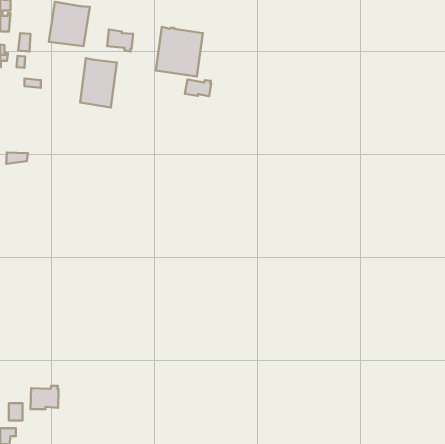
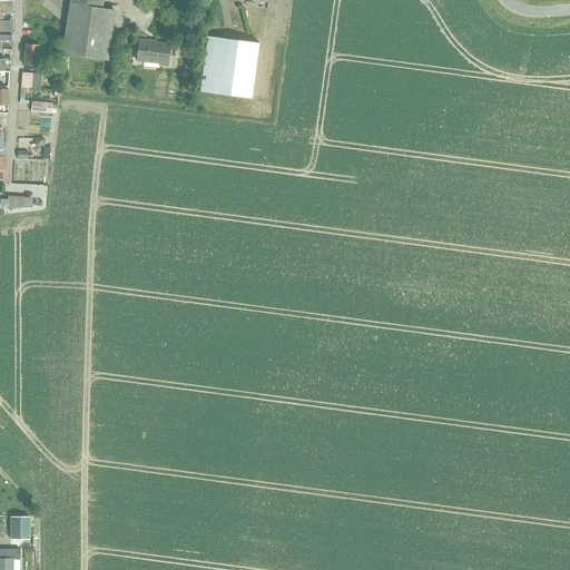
building: [80,58,117,108] -> none
building: [185,79,211,96] -> none
building: [31,386,58,409] -> none

